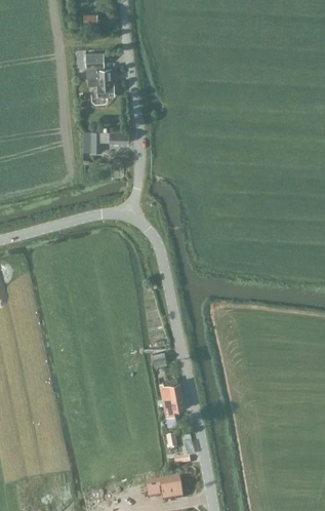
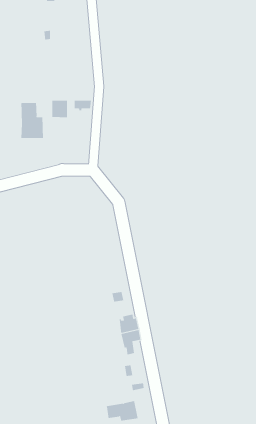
building: [84,53,114,96] -> none
building: none -> [21,102,43,139]

